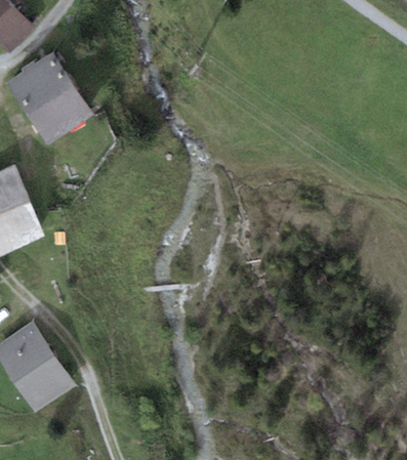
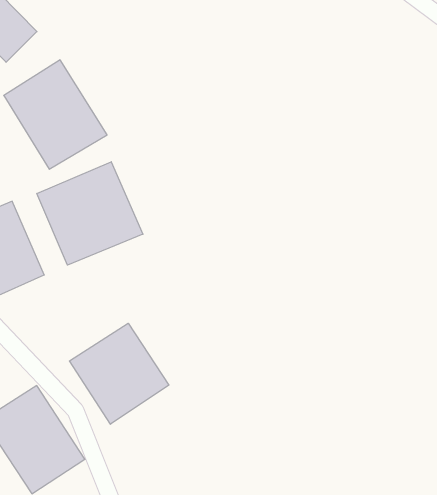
building: none -> [37,162,143,265]
building: none -> [69,323,169,424]

